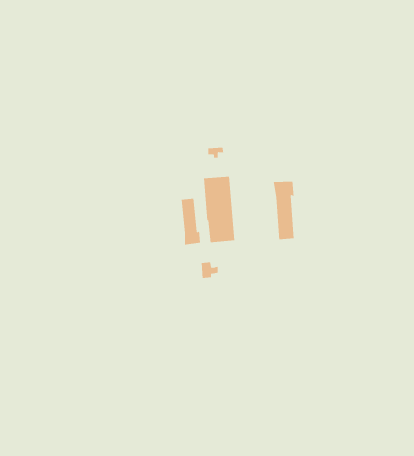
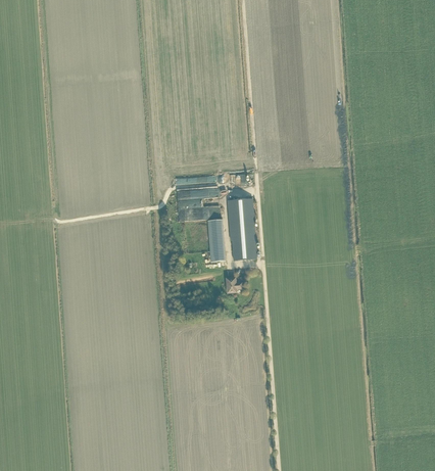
building: [273,181,294,240] -> none

